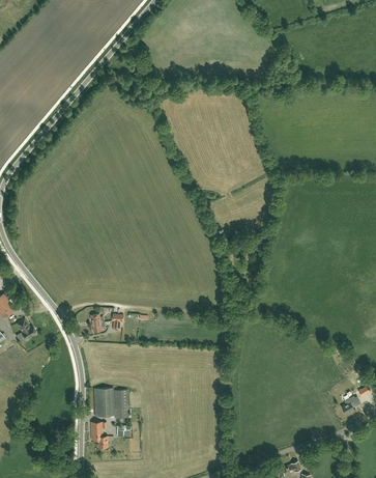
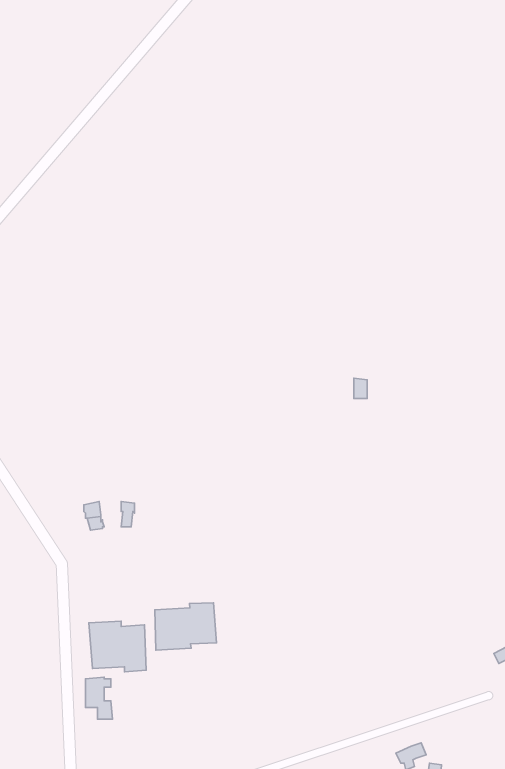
building: none -> [155,603,217,650]

